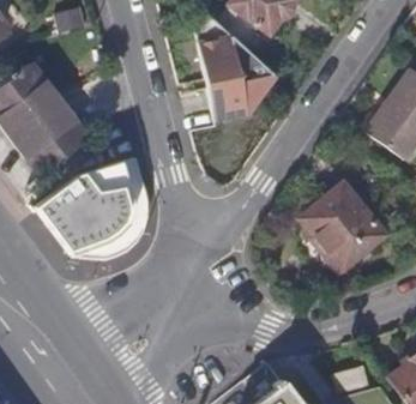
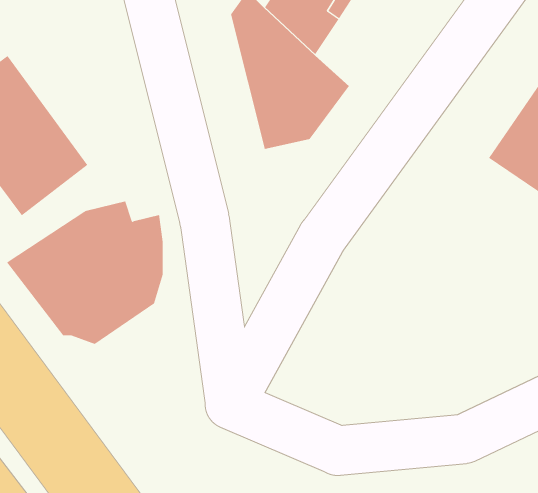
building: [301,183,386,270] -> none

